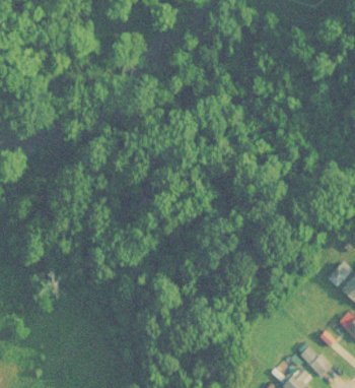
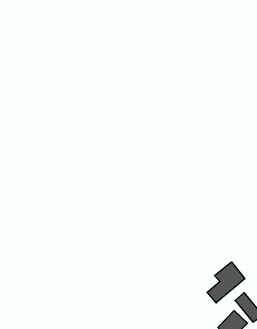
building: none -> [207,262,245,303]

